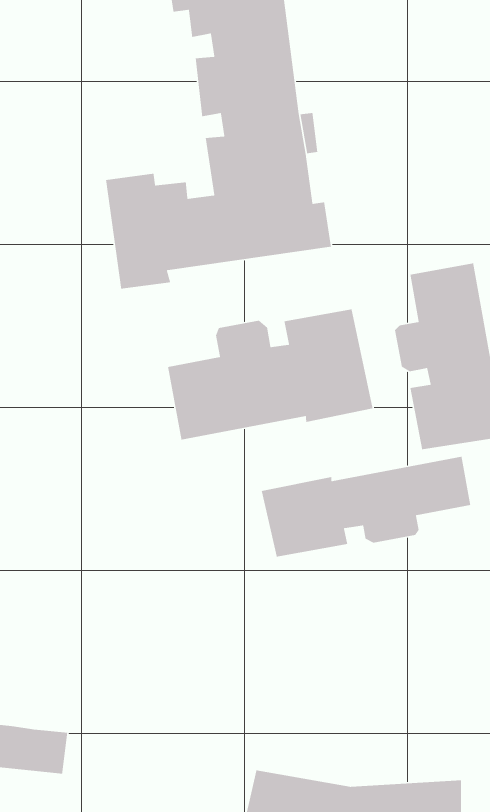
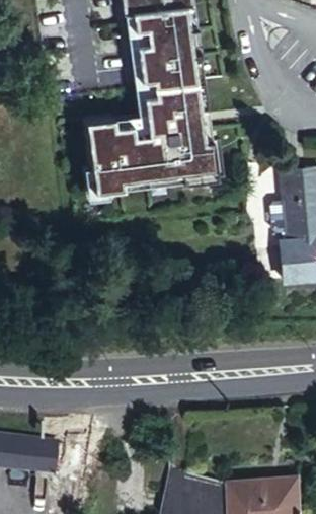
building: [167,309,374,440] -> none
building: [261,456,471,557] -> none

